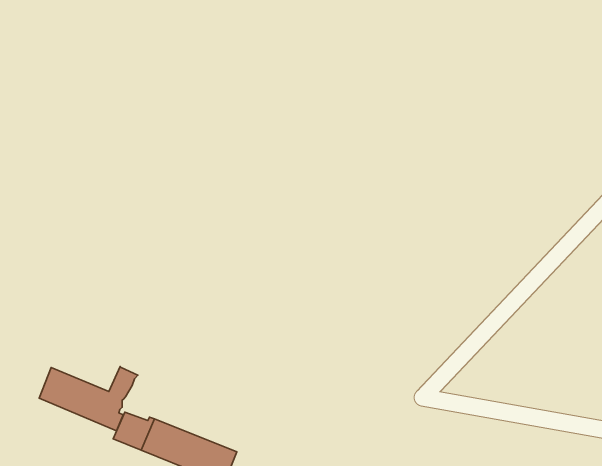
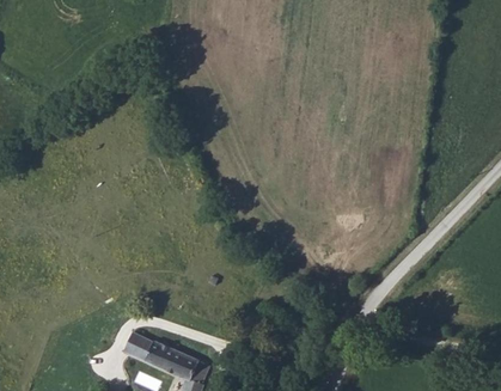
building: [39,367,138,431] -> none

